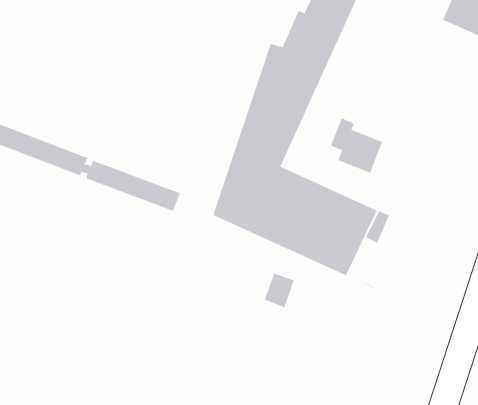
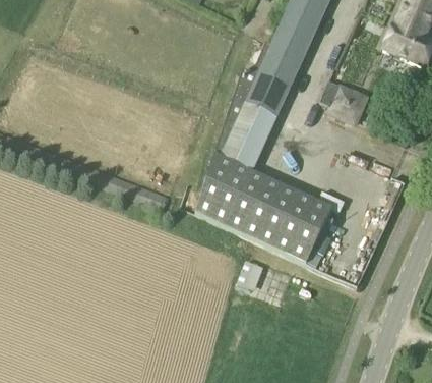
building: [330,117,383,174] -> [322,74,366,121]

